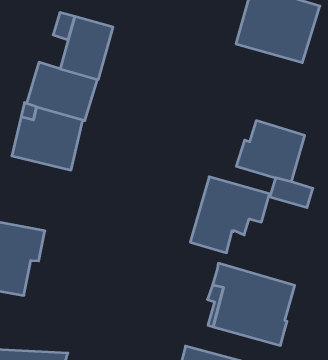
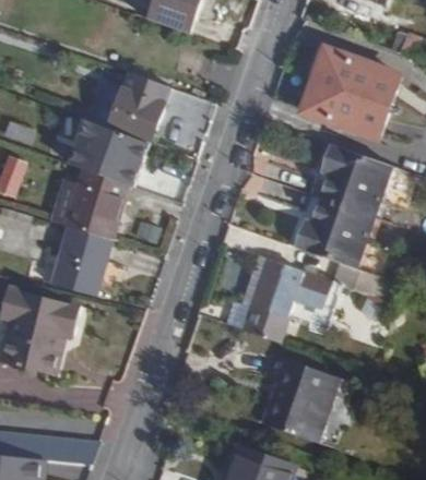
building: none -> [321,144,392,217]
building: none -> [50,226,113,295]

